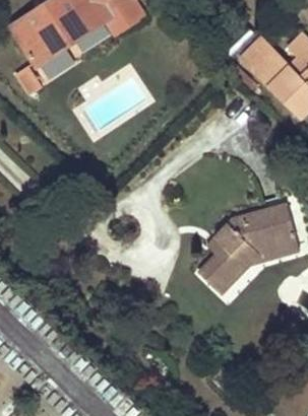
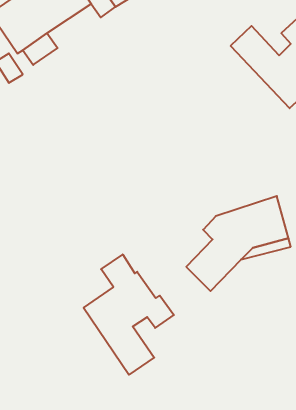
building: none -> [84,254,174,375]

